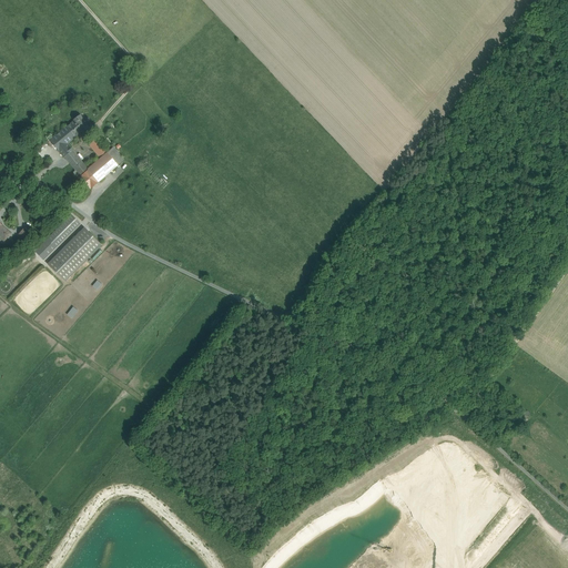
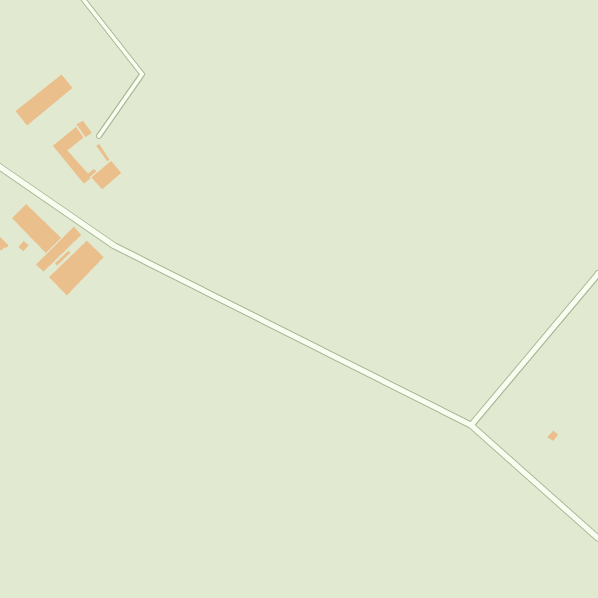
building: none -> [15,74,73,126]
building: none -> [11,203,62,254]

